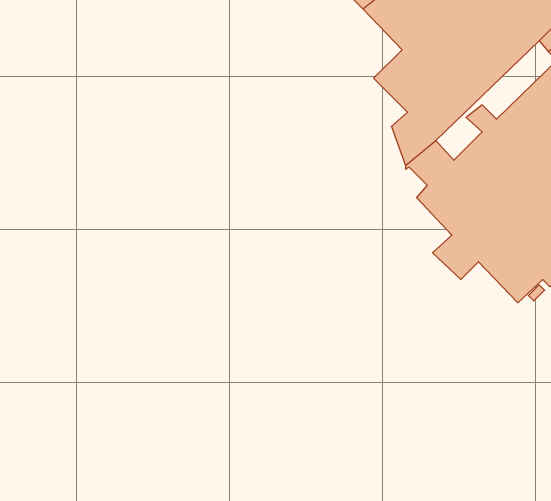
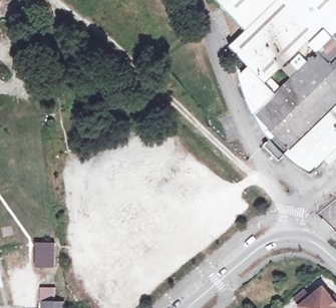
building: none -> [34,242,52,268]

